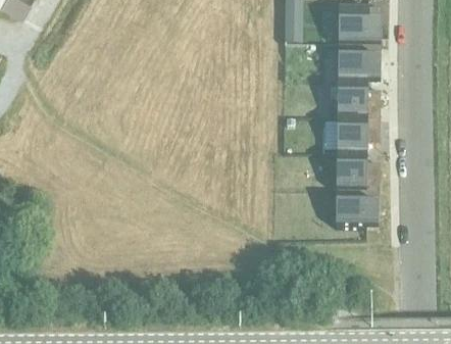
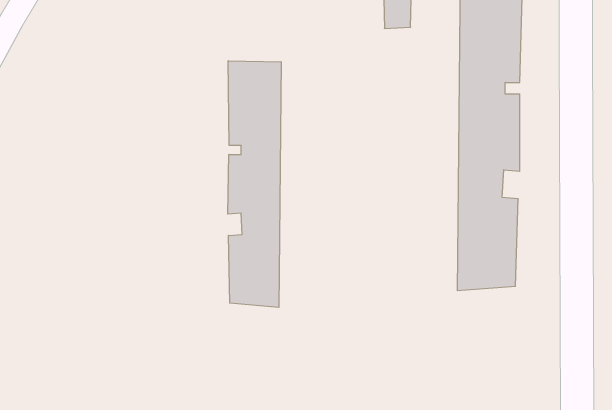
building: none -> [228,61,281,307]

